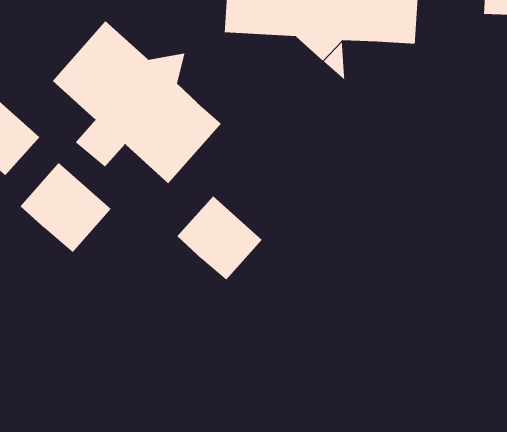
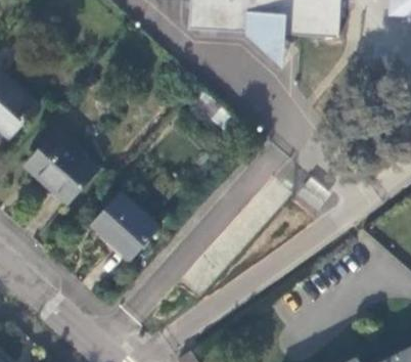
building: [52,20,222,184] -> none
building: [177,196,263,280] -> [93,192,161,259]

